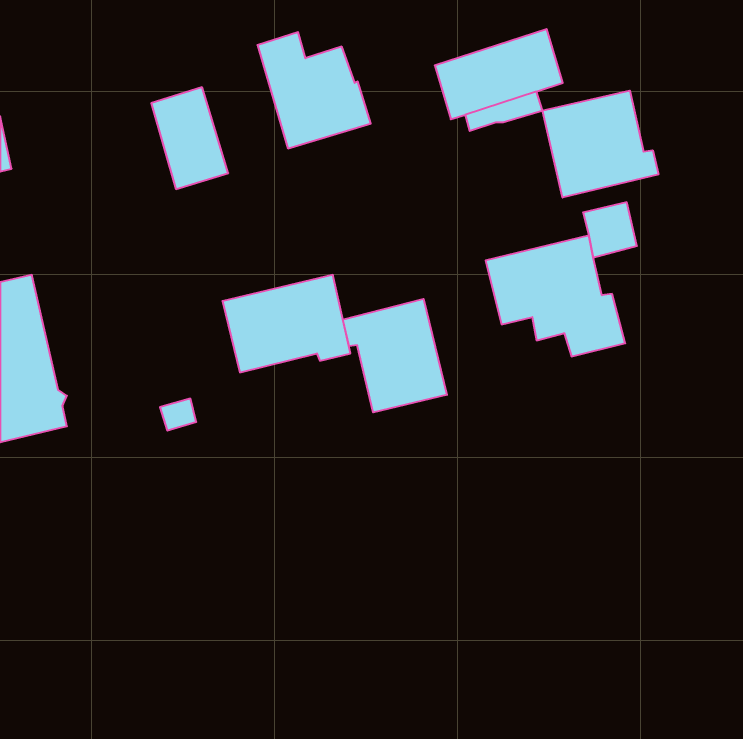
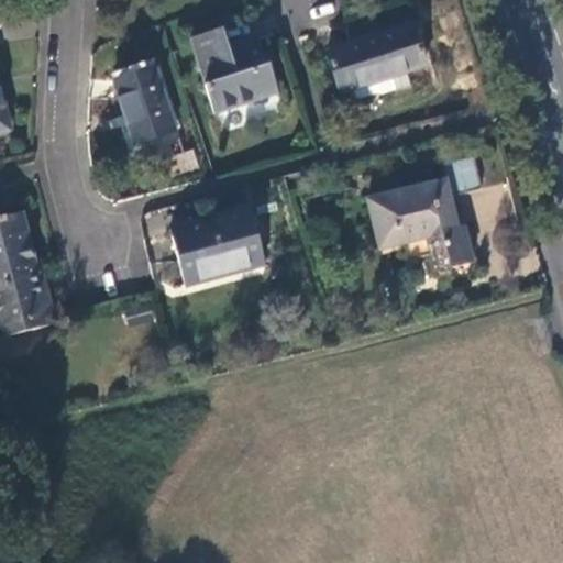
building: [542,91,658,198] -> none
building: [343,299,447,412] -> none

